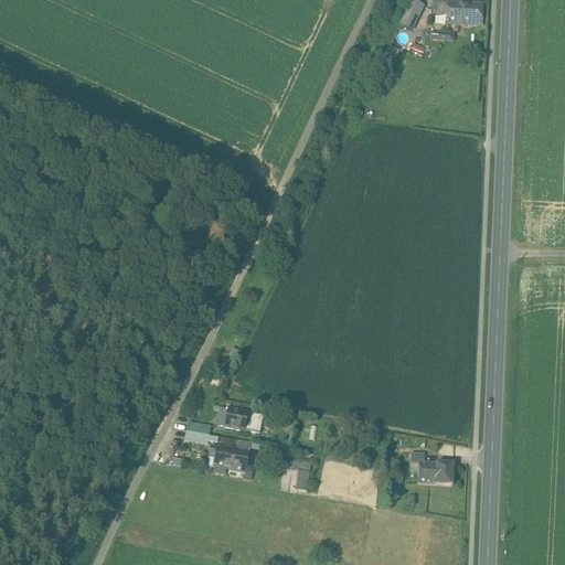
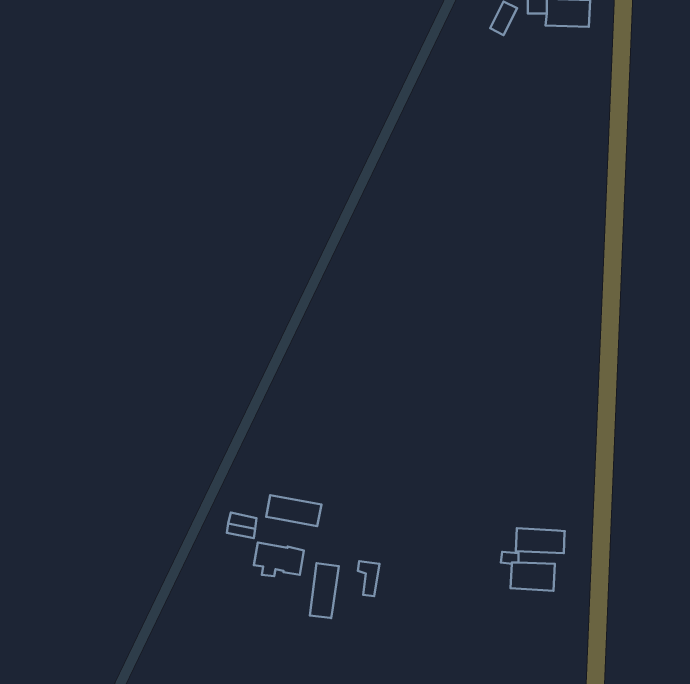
building: none -> [516,528,565,553]
building: none -> [310,563,339,618]

